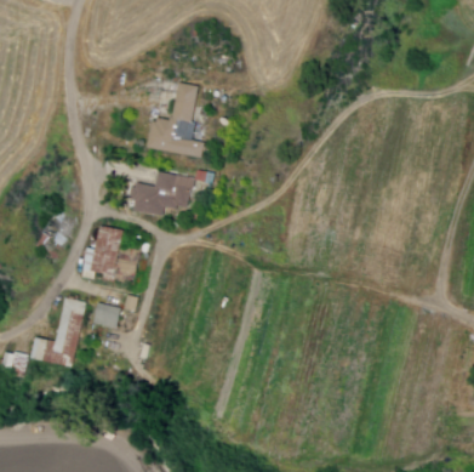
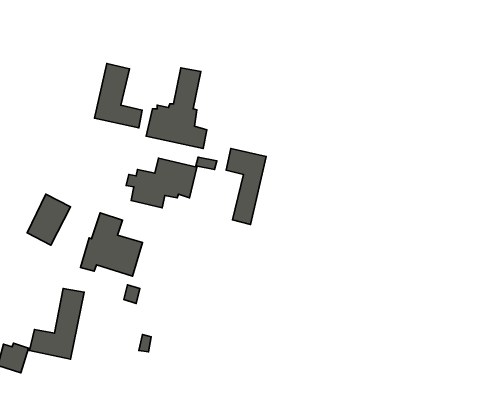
building: none -> [94,63,142,128]
building: none -> [226,148,266,225]
building: [95,302,122,329] -> none

